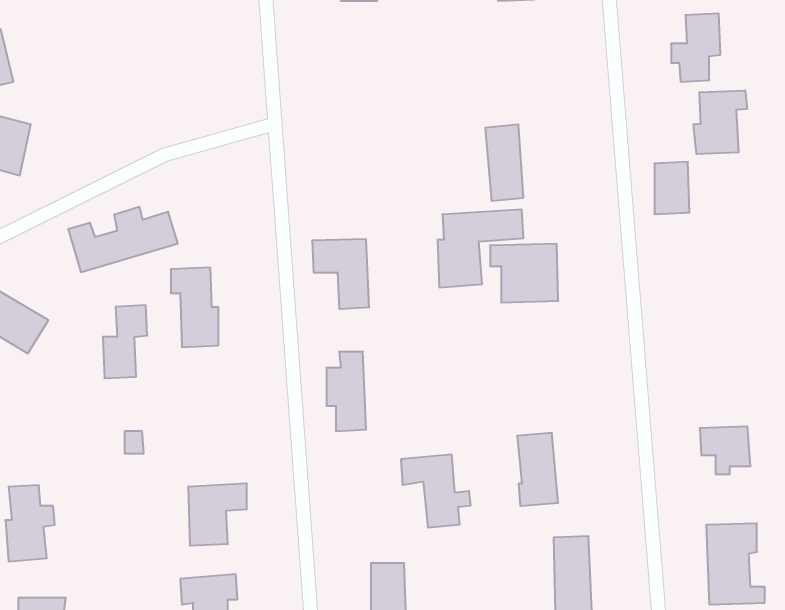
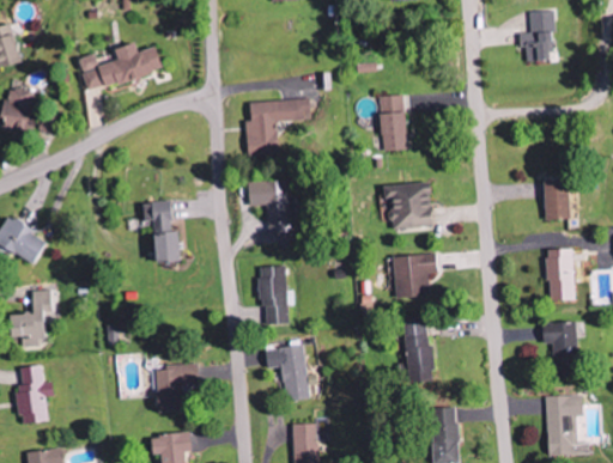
building: [694,90,747,154] -> none
building: [654,162,689,214] -> [542,181,569,220]
building: [68,207,178,272] -> [79,43,162,92]
building: [438,210,523,287] -> [247,98,311,157]
building: [103,305,147,378] -> [20,290,54,345]
building: none -> [546,249,575,300]
building: none -> [394,254,437,297]
building: [401,455,471,528] -> [266,346,318,401]

